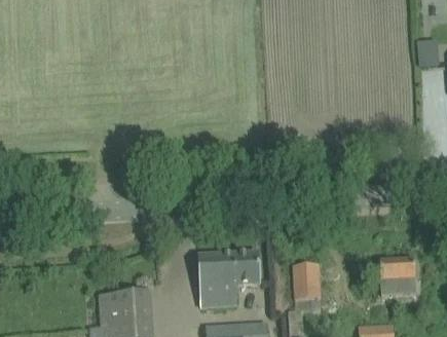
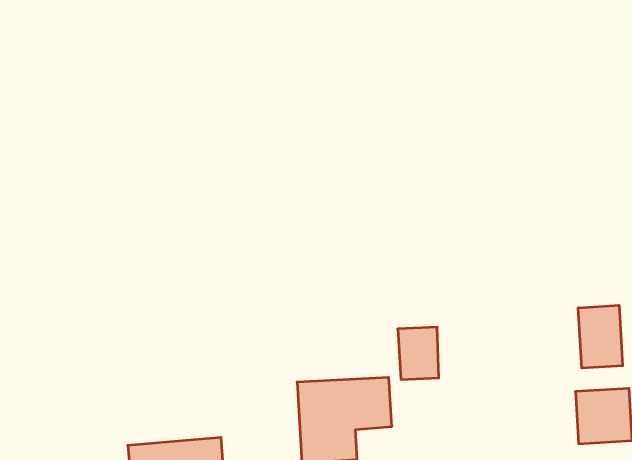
building: none -> [578,305,623,368]
building: [293,264,320,298] -> [398,327,439,379]

